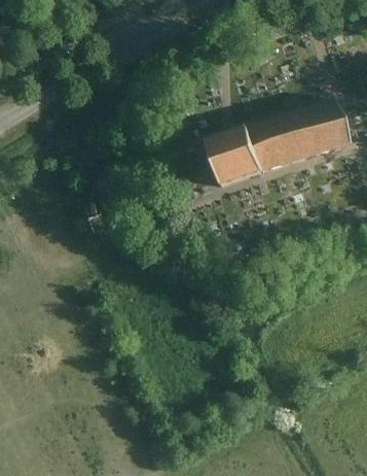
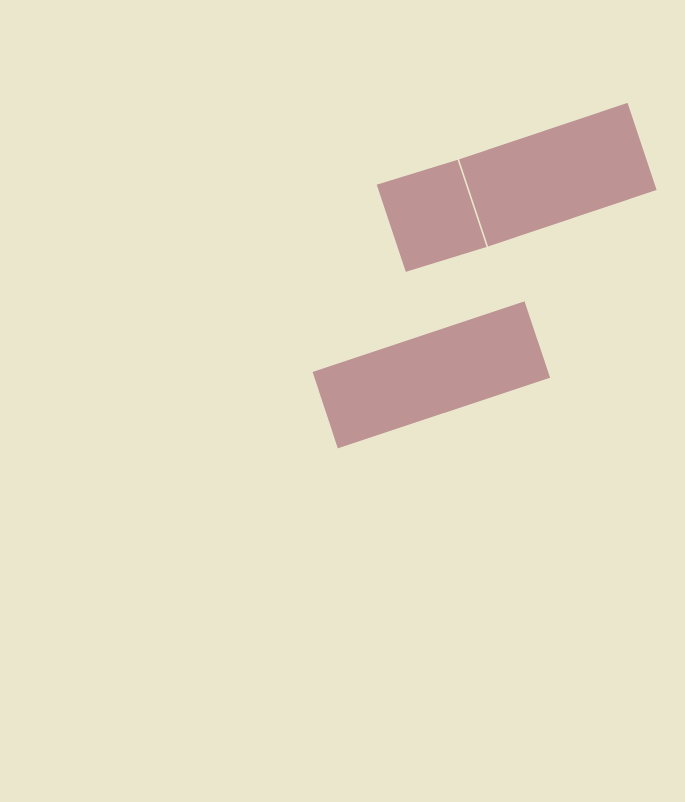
building: none -> [312,300,551,449]

